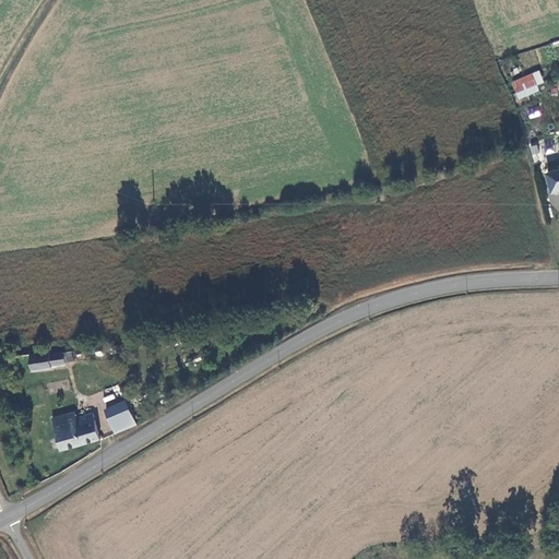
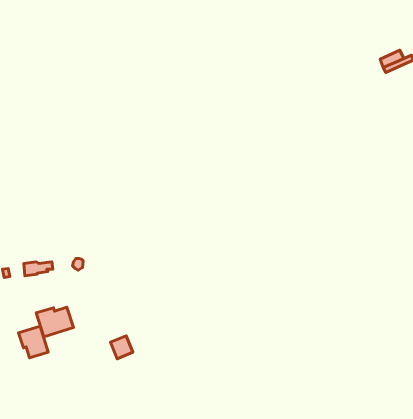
building: [105,402,134,432] -> [111,336,133,359]
building: none -> [18,326,48,358]

